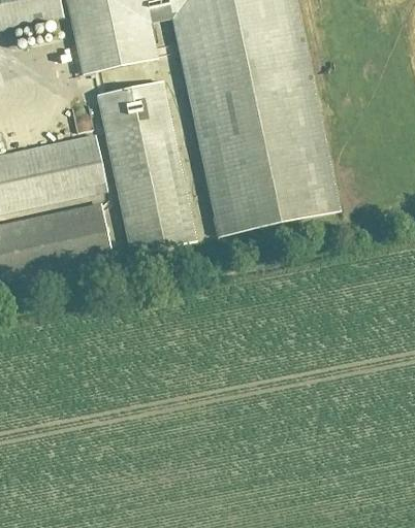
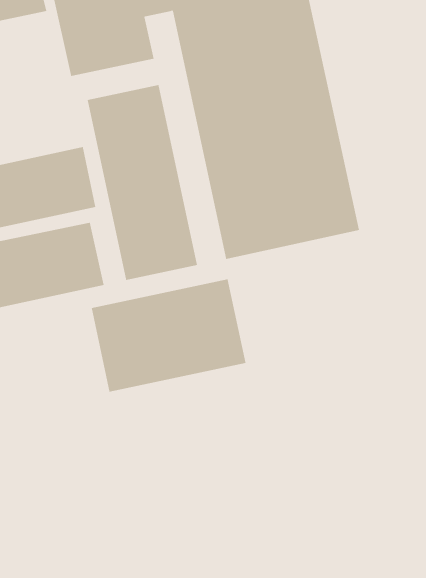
building: none -> [91,278,246,392]

